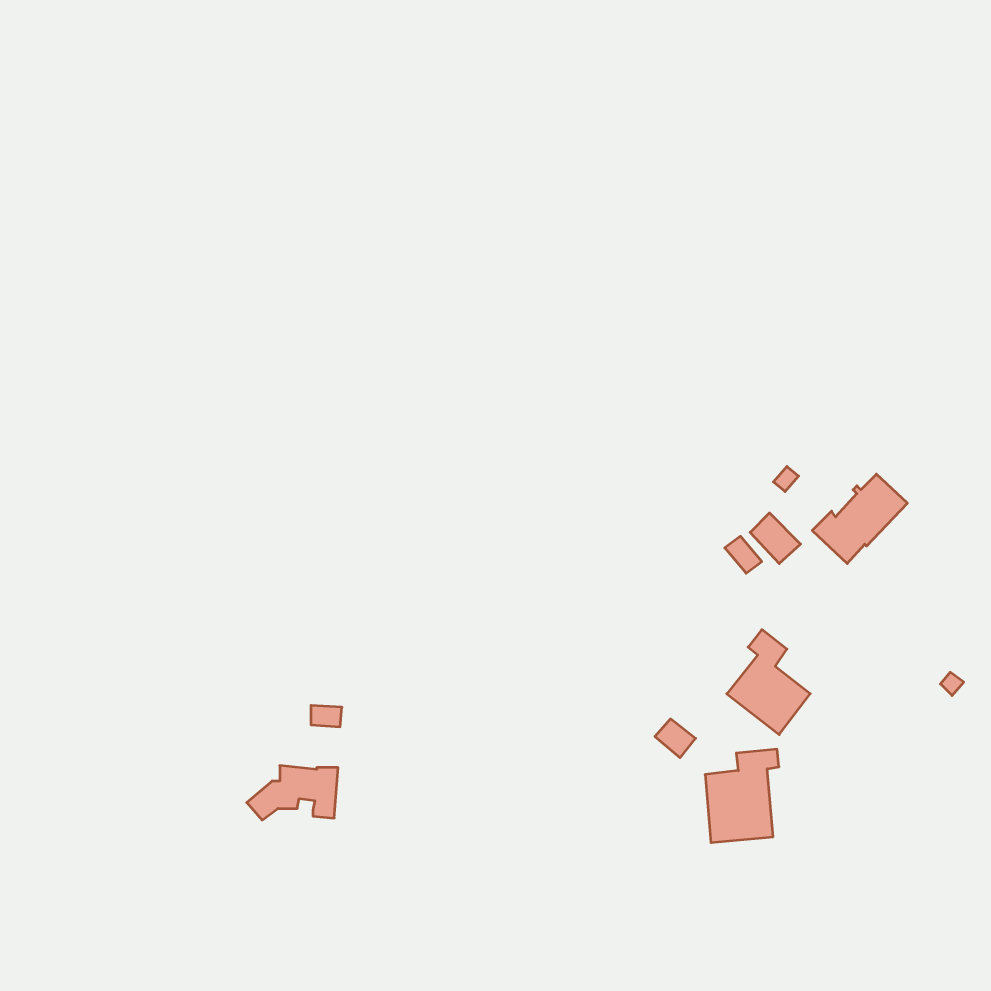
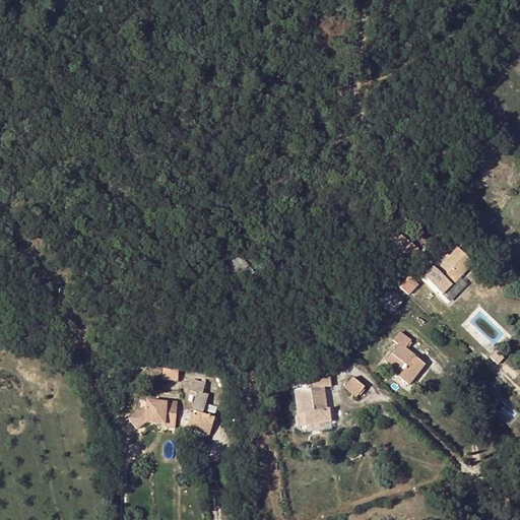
building: none -> [191,380,217,429]
building: [705,749,779,843] -> [292,376,331,425]

